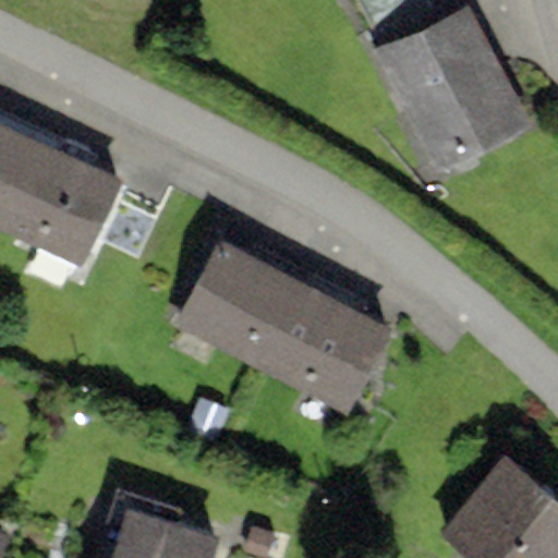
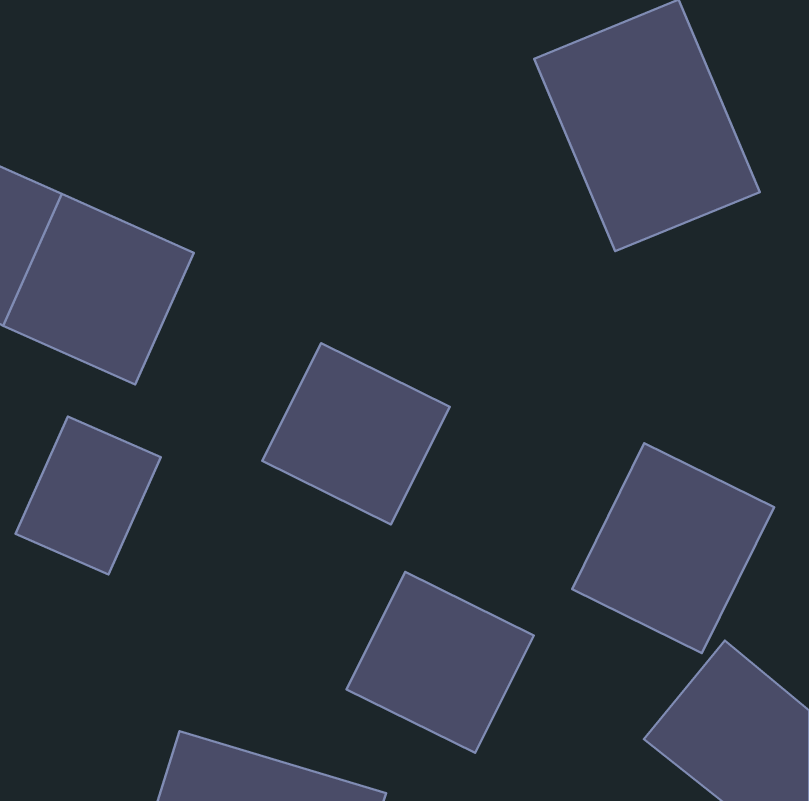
building: [268,287,397,411] -> [346,572,534,753]
building: none -> [16,417,161,575]
building: none -> [572,443,774,653]

